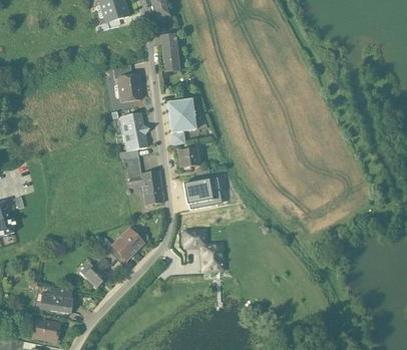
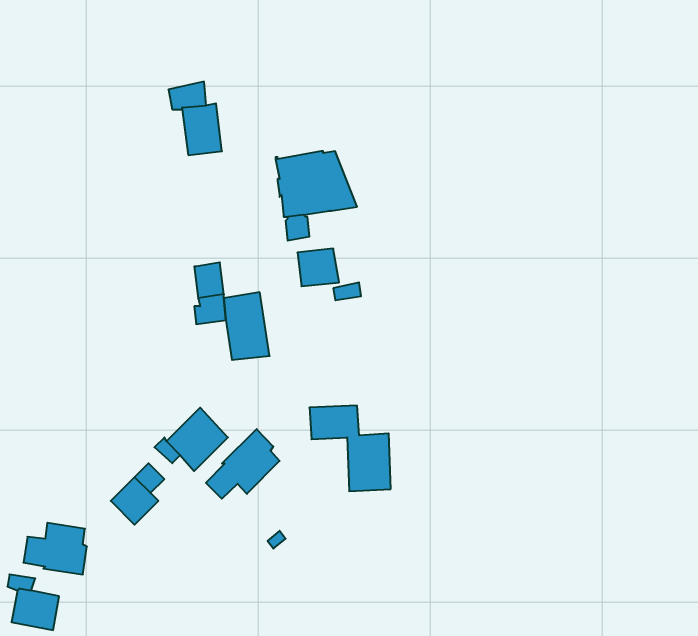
building: [159,33,178,69] -> none
building: [120,113,148,150] -> none
building: [184,179,217,210] -> none
building: none -> [206,429,280,499]

